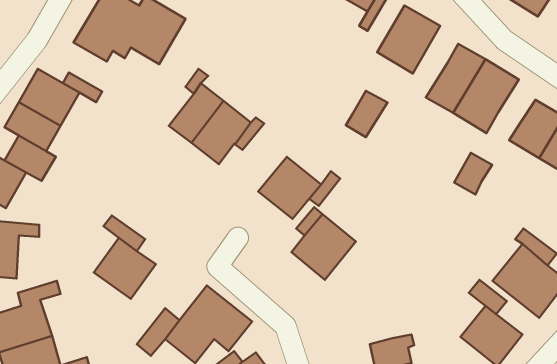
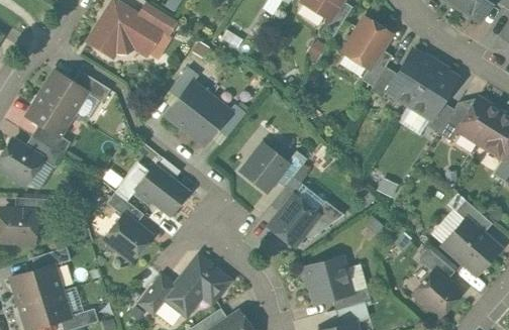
building: [346,91,387,137] -> [366,52,401,92]
building: [454,153,492,195] -> [430,104,463,139]
building: none -> [134,163,191,214]
building: none -> [303,256,354,306]

